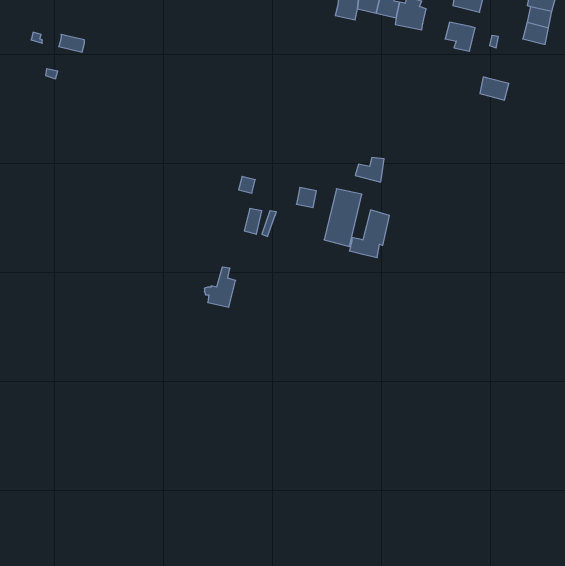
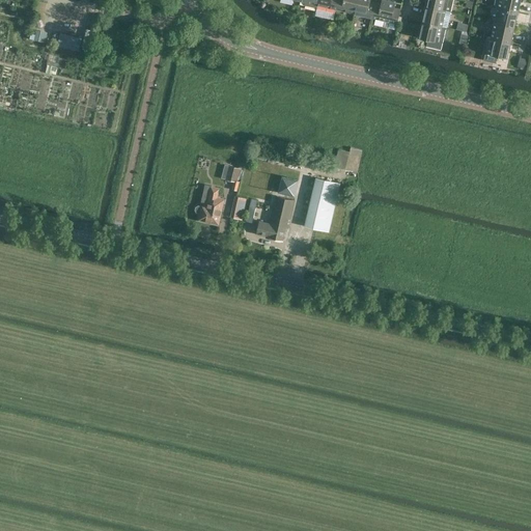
building: none -> [420,5,448,26]
building: [480,77,509,100] -> [482,35,509,57]
building: [349,210,389,258] -> [255,194,292,239]
building: [204,267,236,307] -> [193,186,222,223]

